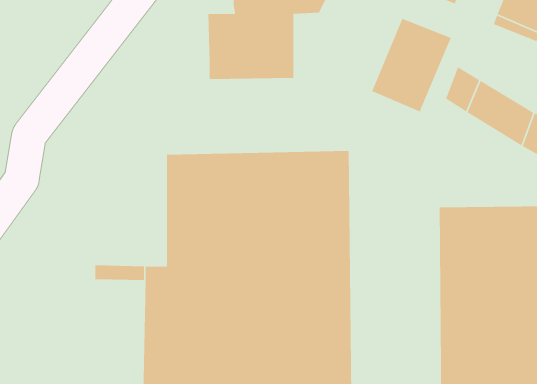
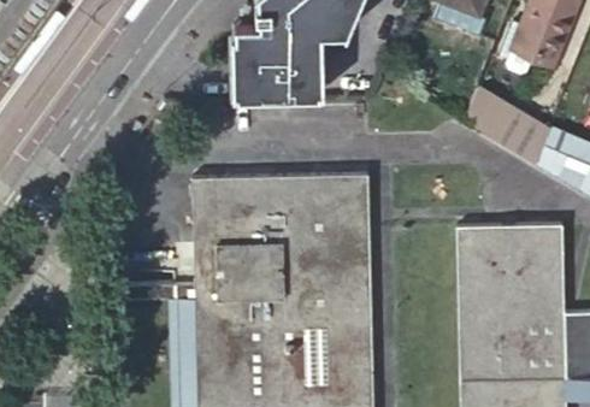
building: [371,18,452,112] -> none

